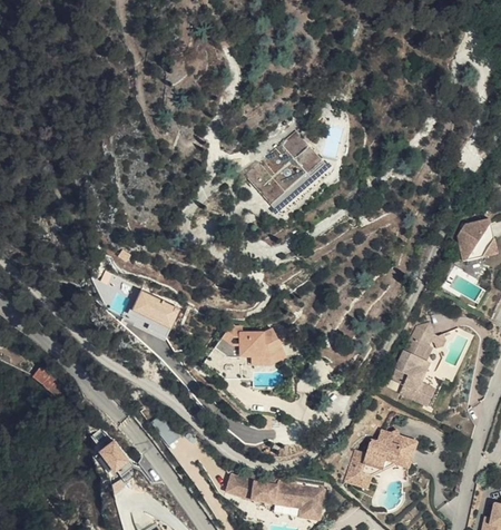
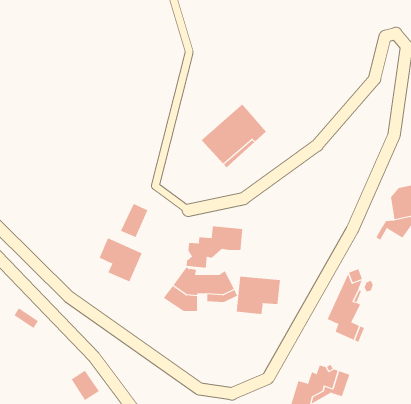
building: none -> [120,203,148,238]
building: none -> [186,225,243,269]
building: none -> [236,276,281,315]

